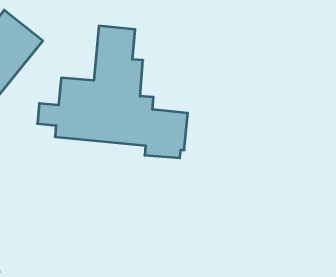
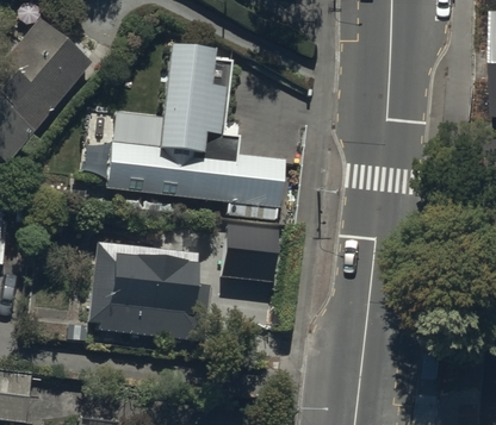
building: none -> [224,227,283,285]
building: none -> [86,242,212,342]

